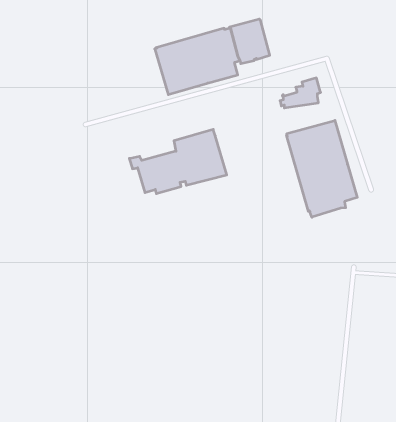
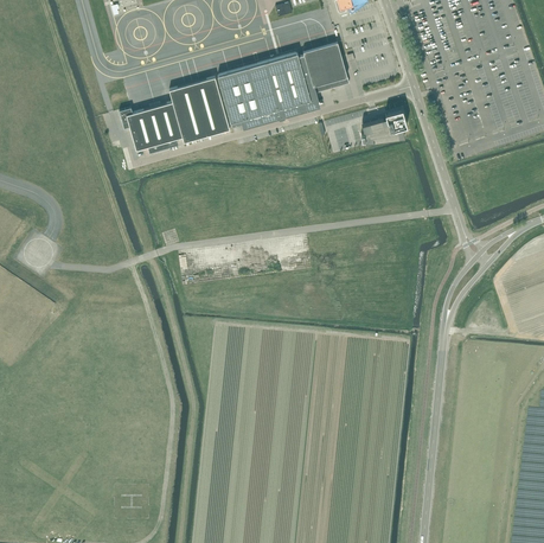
building: [287,120,357,217] -> none
building: [129,129,227,194] -> [119,77,230,151]

